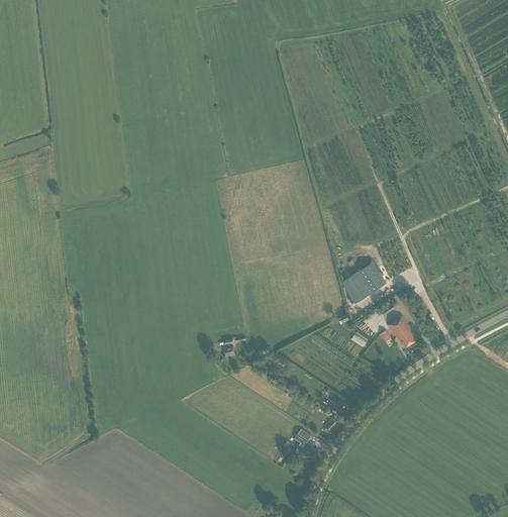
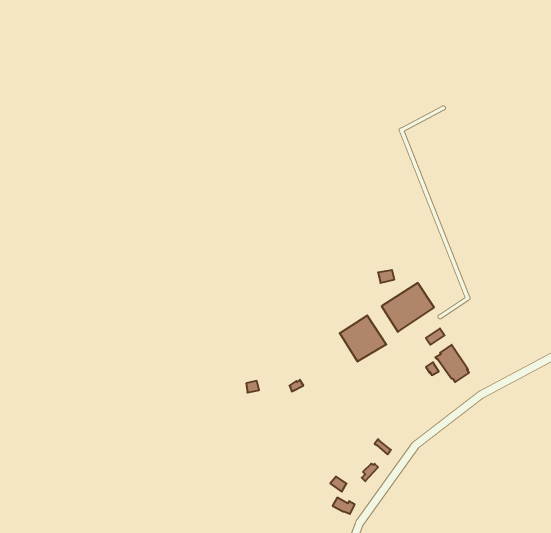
building: none -> [340,315,386,362]

